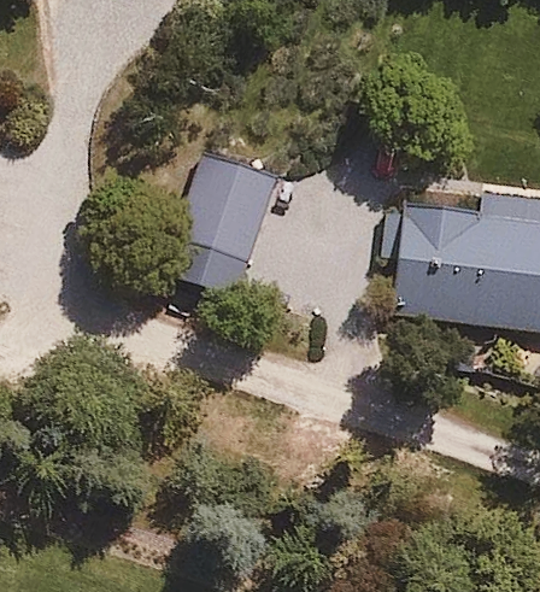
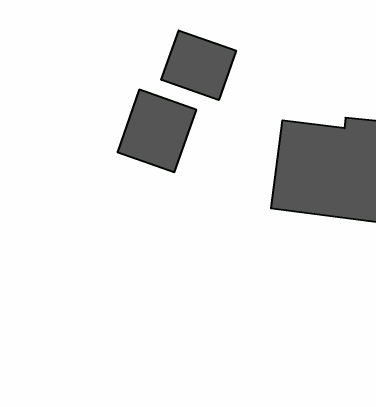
building: none -> [161,30,236,100]

